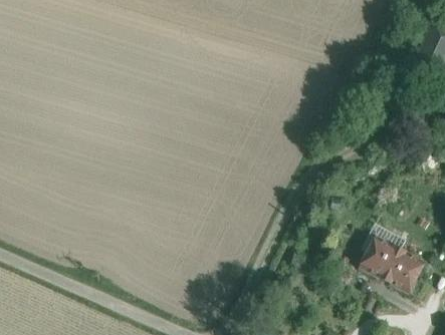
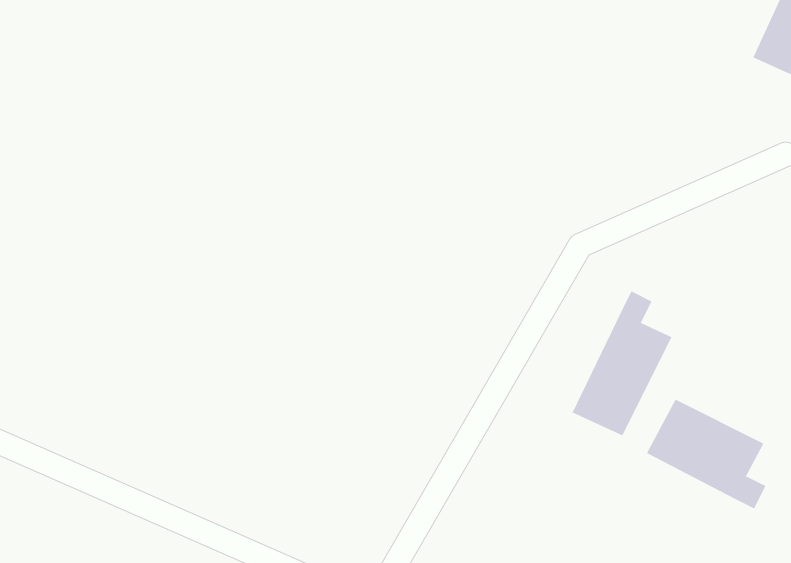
building: none -> [572,291,672,436]

